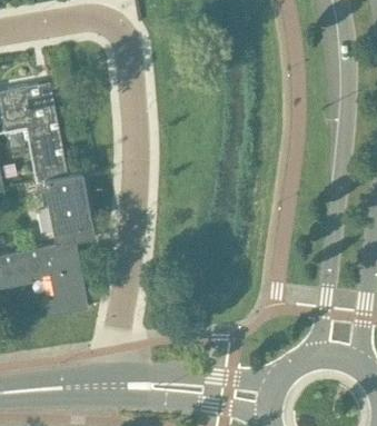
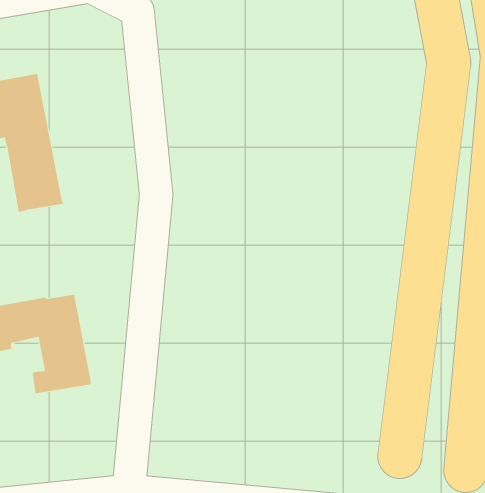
building: [42,174,95,247] -> none

